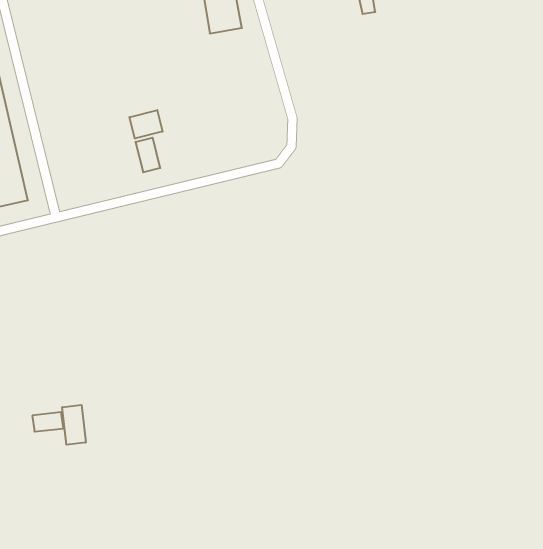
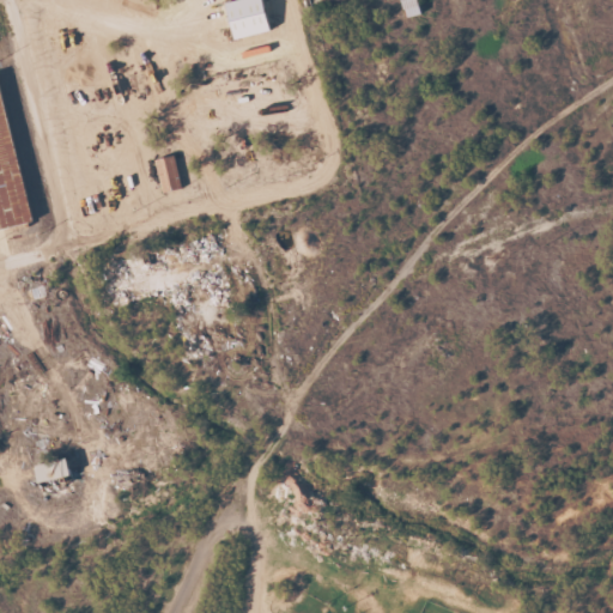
building: [129,110,163,139] -> none
building: [62,405,86,445] -> none

